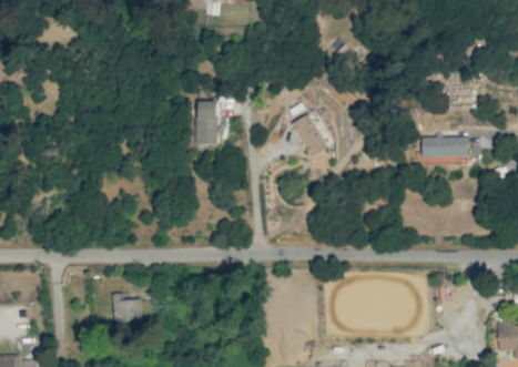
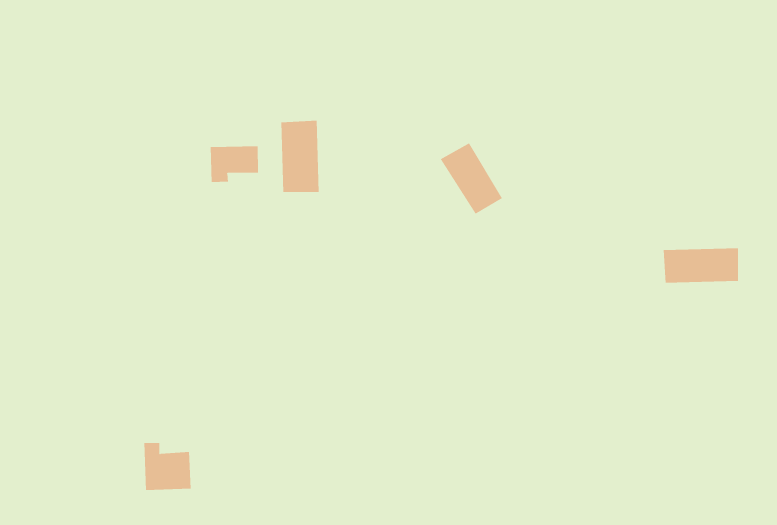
building: none -> [210,145,258,183]
building: [421,135,467,156] -> [663,248,739,283]

